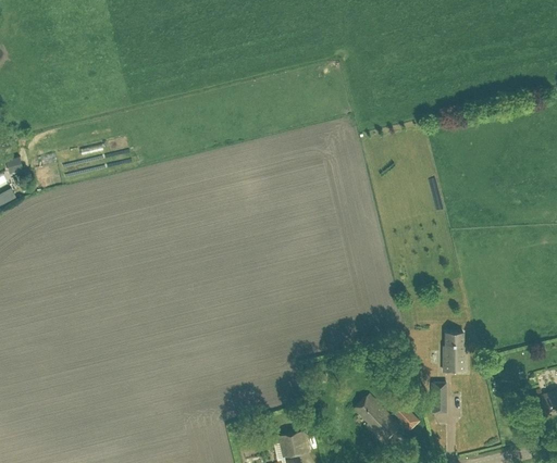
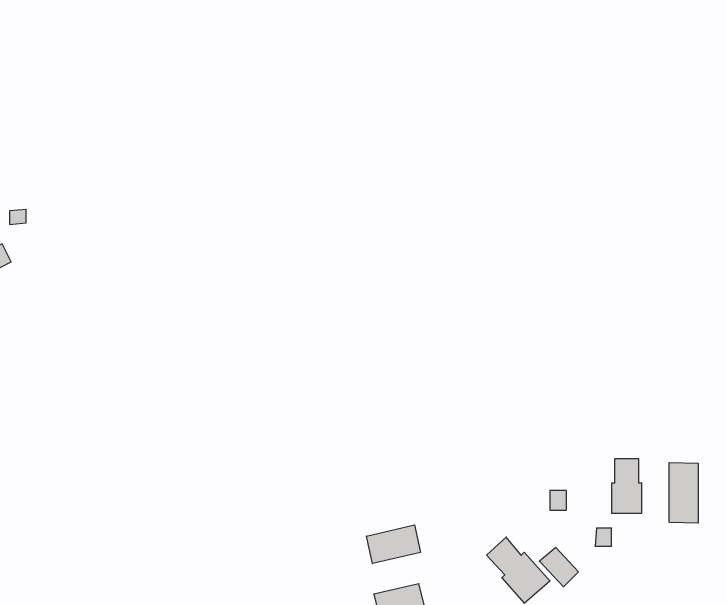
building: none -> [669,463,698,523]
building: none -> [367,525,420,564]

